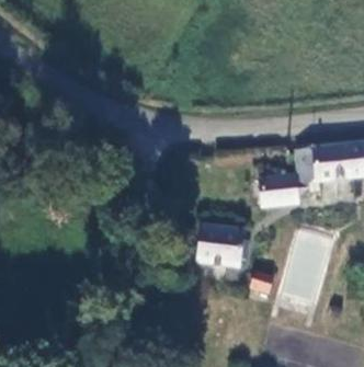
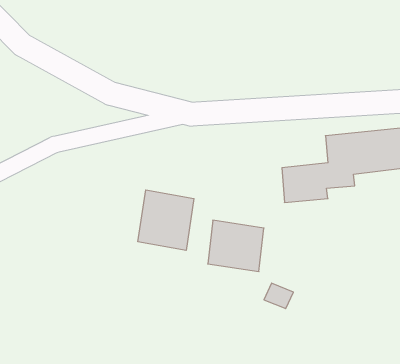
building: none -> [138,190,194,250]

